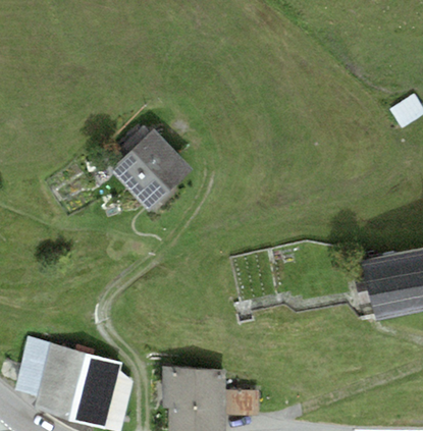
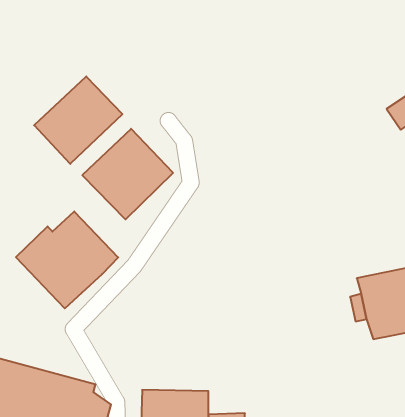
building: none -> [34,76,122,164]
building: none -> [16,211,118,308]

